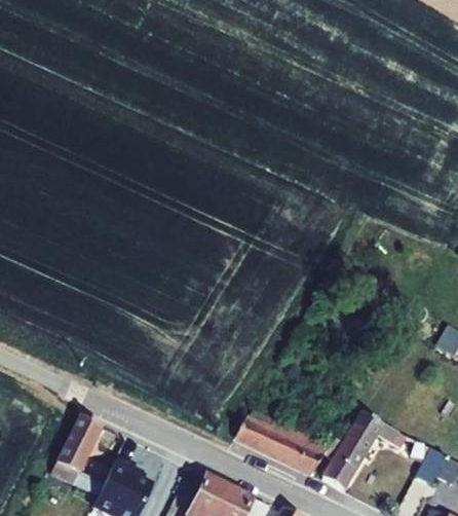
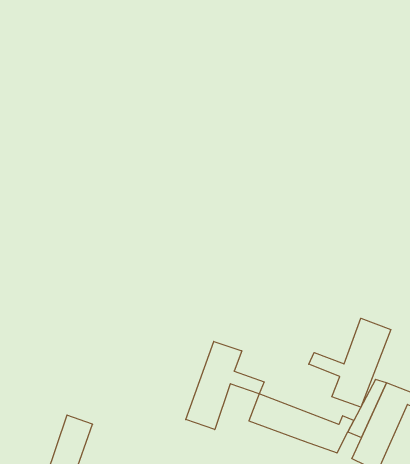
building: none -> [309,318,391,407]
building: none -> [186,341,264,430]

